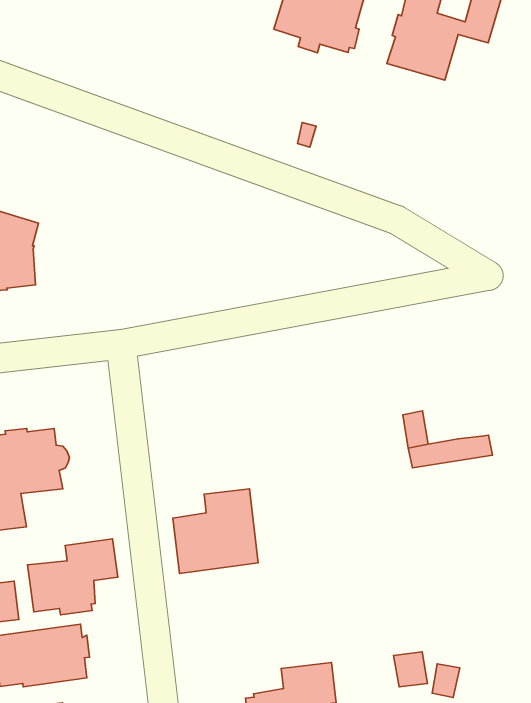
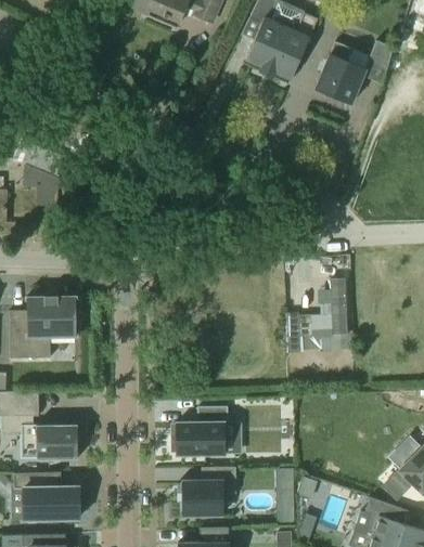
building: none -> [314,273,343,331]
building: [173,489,258,574] -> [176,405,227,454]
building: [27,539,118,615] -> none

